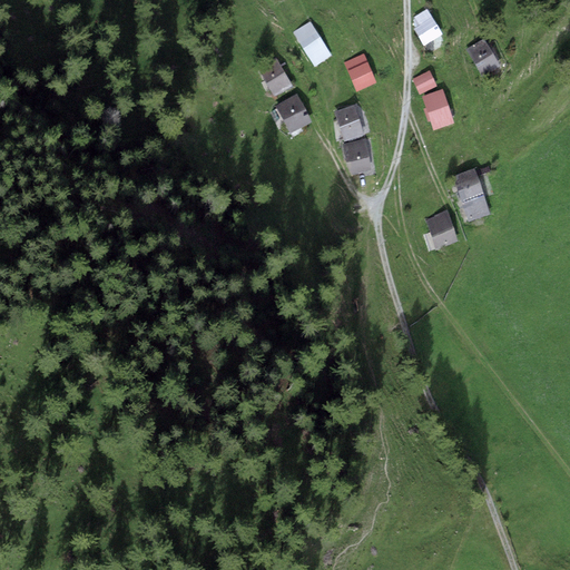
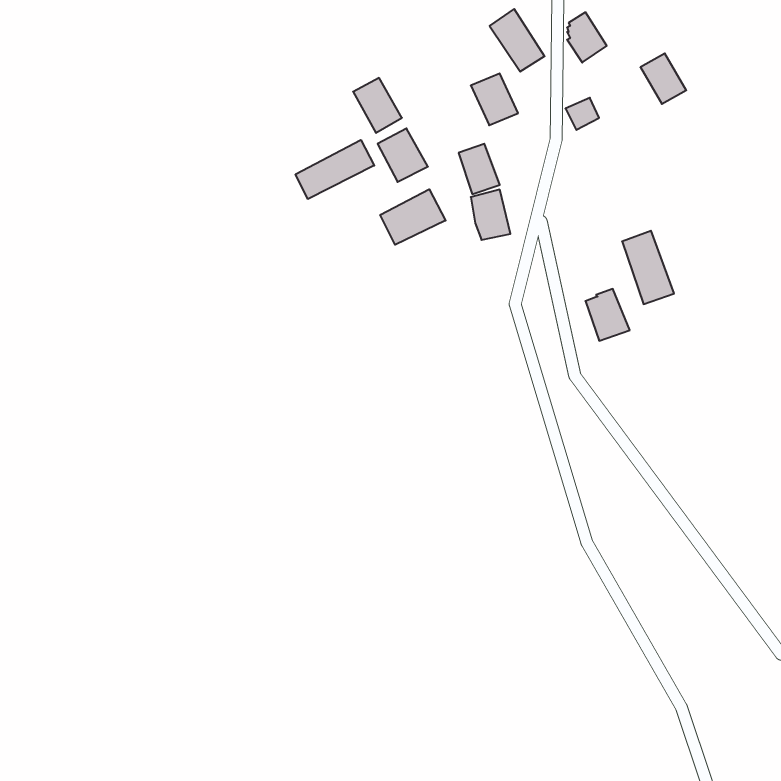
building: [293,21,333,67] -> [490,9,545,72]
building: [422,89,454,130] -> none
building: none -> [296,140,374,199]
building: none -> [380,189,446,245]

